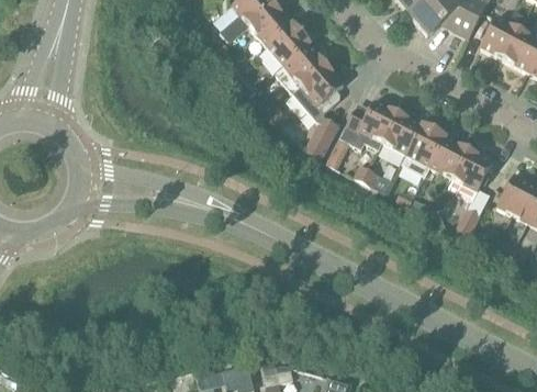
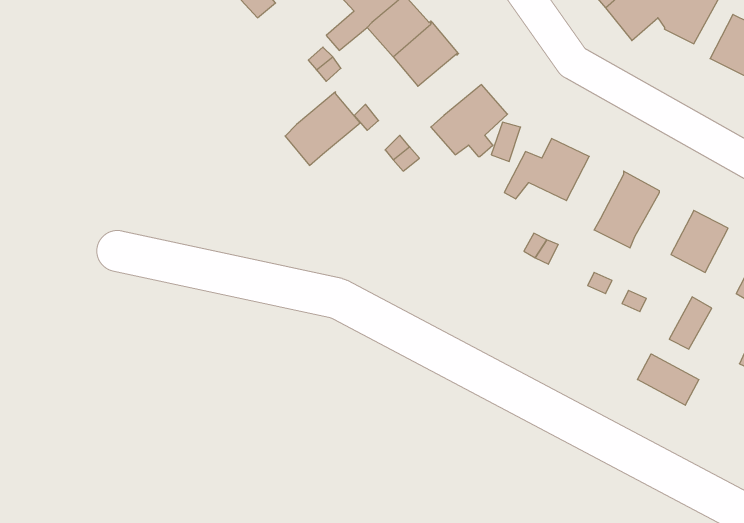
building: [276,43,326,92] -> [285,92,360,165]
building: [383,112,422,154] -> none
building: [304,115,339,159] -> none
building: [429,136,469,178] -> none
building: none -> [637,354,699,405]

